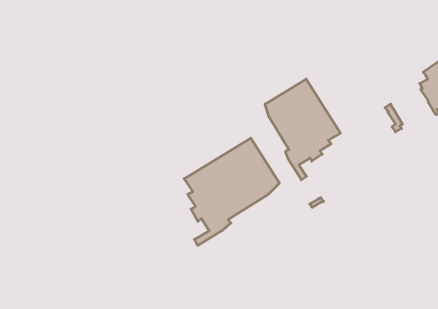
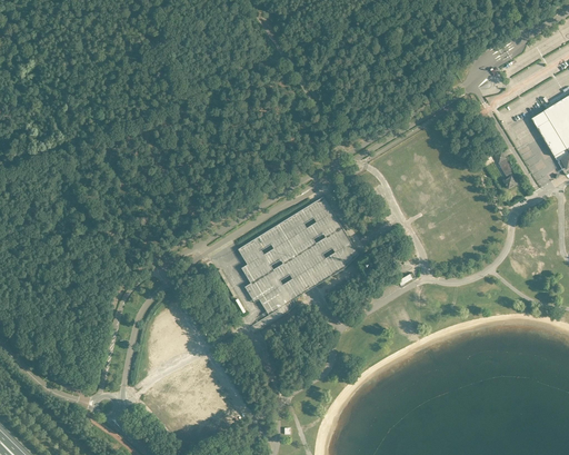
building: [265,79,340,180] -> none

